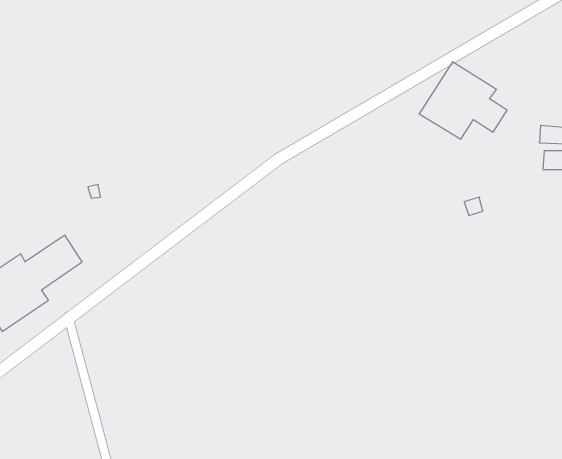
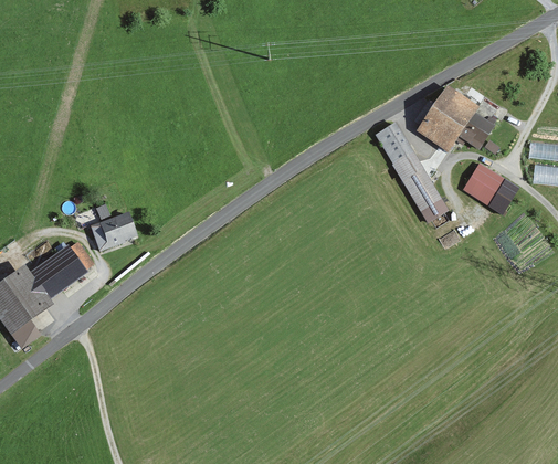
building: none -> [372,120,446,222]
building: none -> [466,161,512,207]
building: none -> [91,213,138,249]

